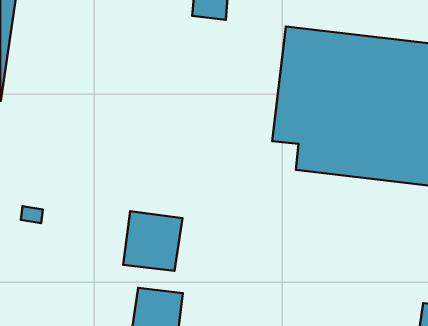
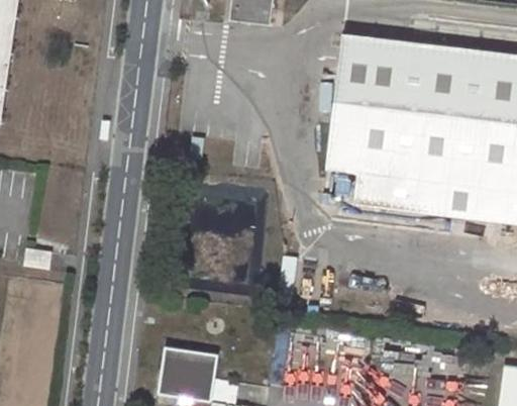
building: [123,211,182,271] -> none

